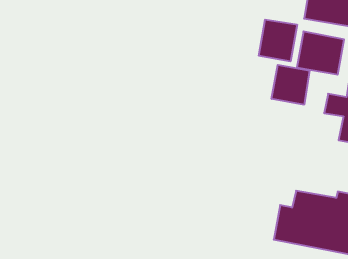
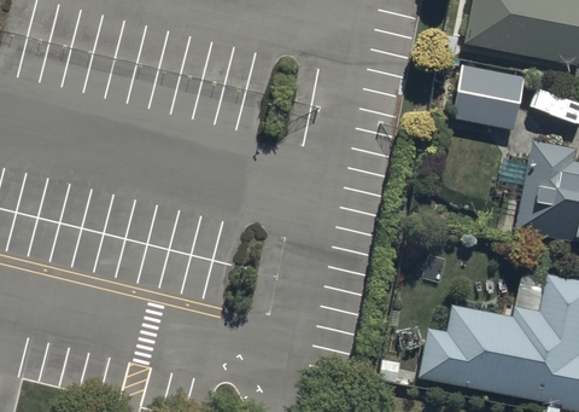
building: [259,20,297,61] -> none
building: [272,65,309,105] -> none

